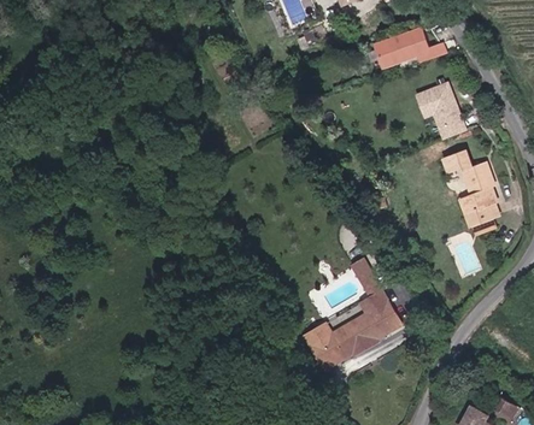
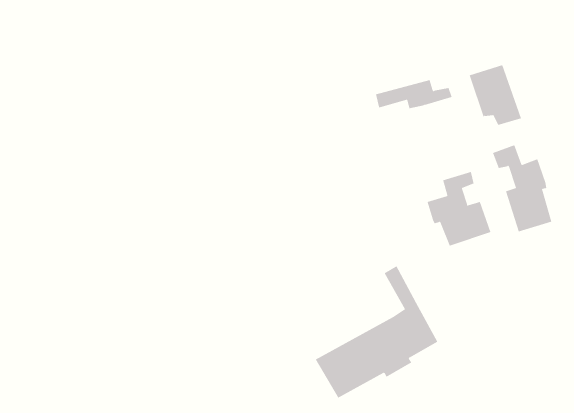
building: [376,36,444,64] -> [375,79,453,109]
building: none -> [427,171,491,247]

